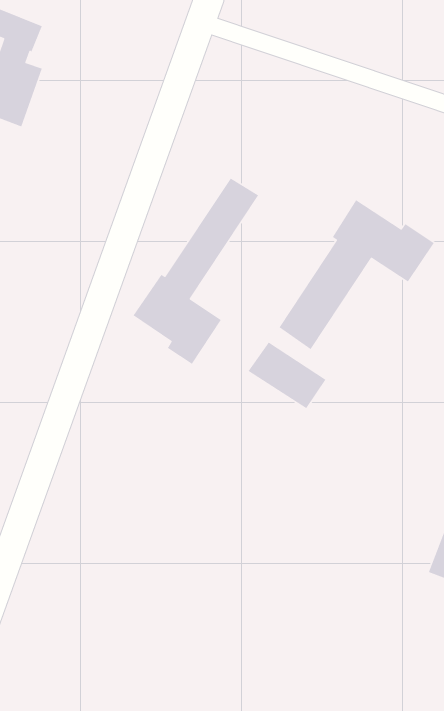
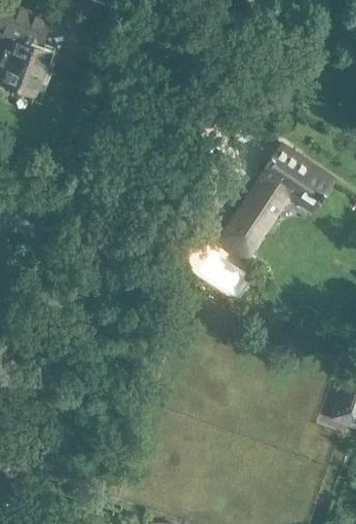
building: [133,177,259,365] -> none

